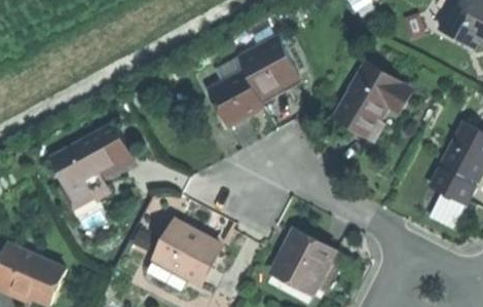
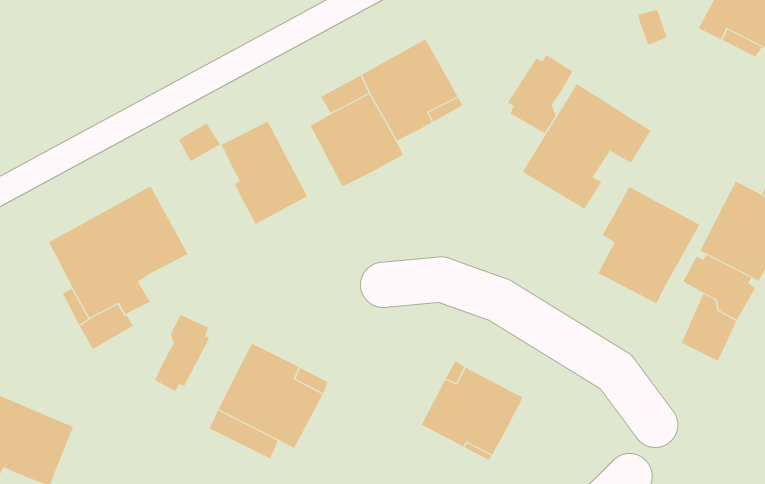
building: none -> [507,54,573,134]
building: none -> [221,121,308,225]
building: none -> [598,186,700,304]
building: none -> [154,314,210,392]

